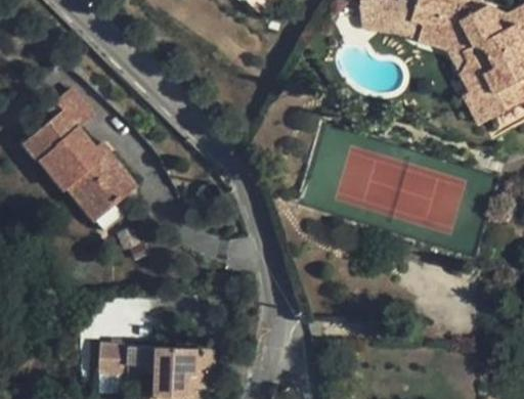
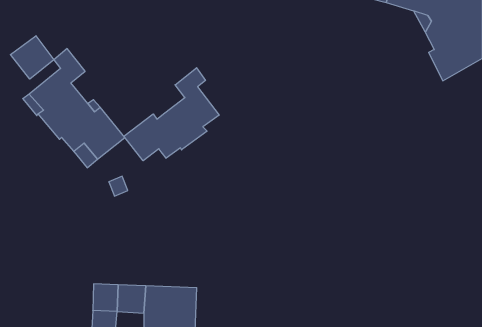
building: none -> [10,36,54,79]
building: none -> [124,68,219,161]

